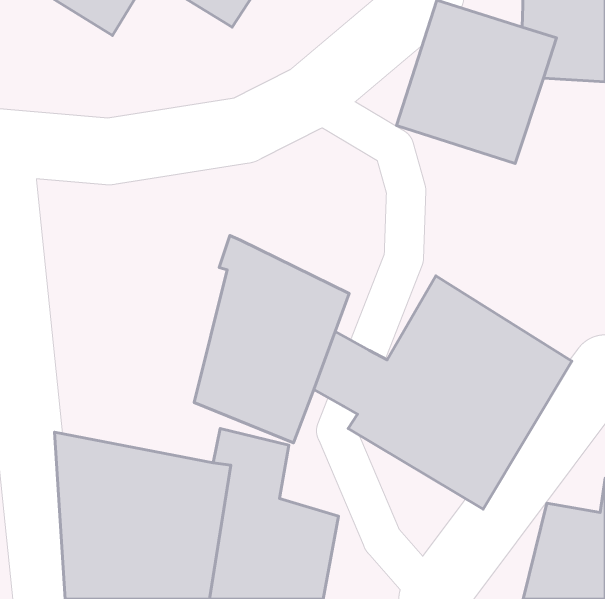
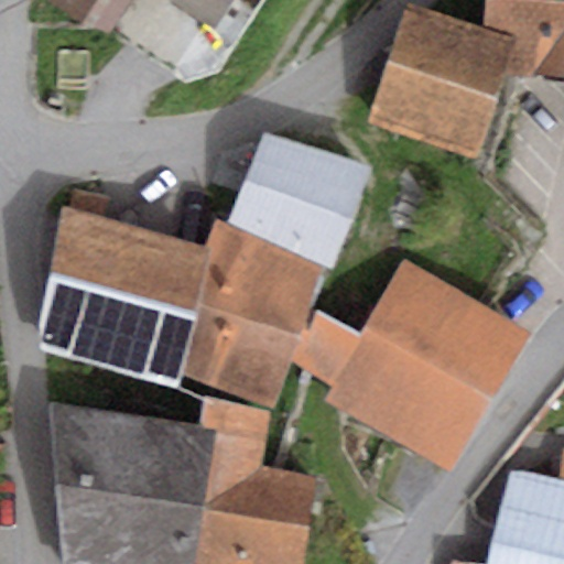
building: none -> [224,132,370,276]
building: none -> [36,207,212,392]

